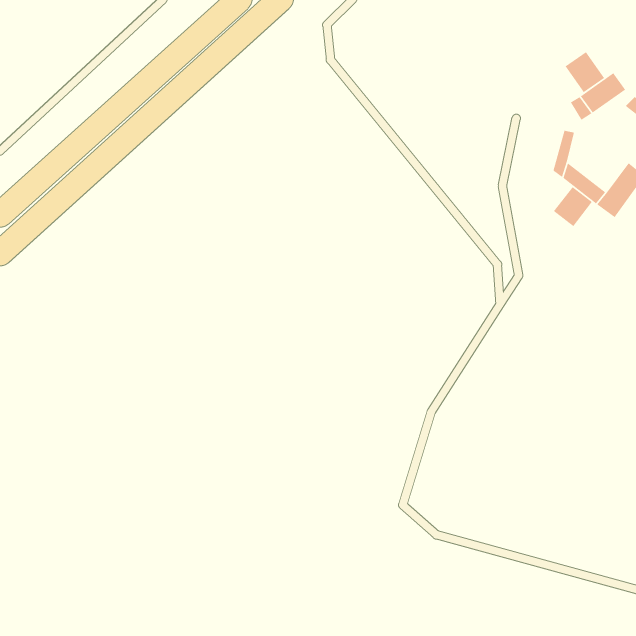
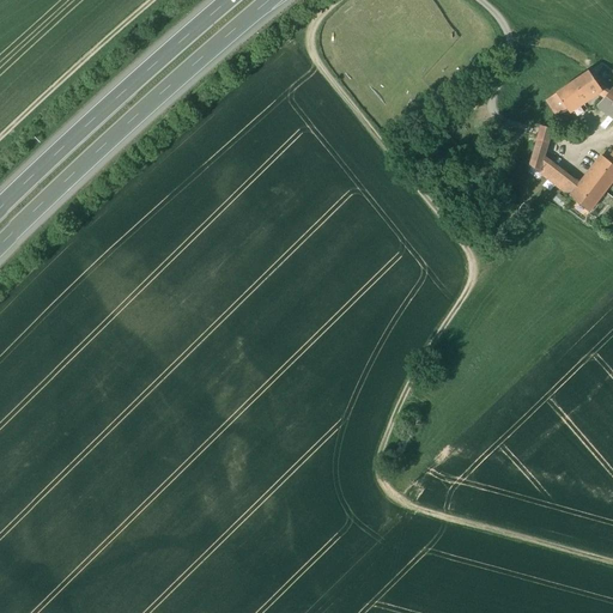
building: [565,51,605,93] -> none
building: [553,186,593,227] -> none

